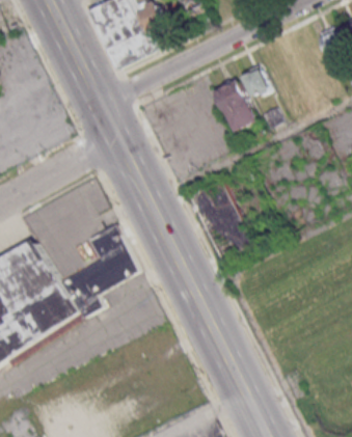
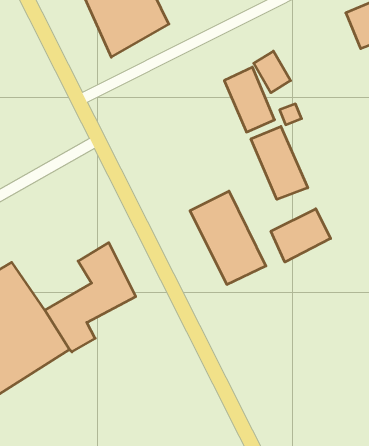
building: none -> [251,126,308,199]
building: none -> [271,209,331,262]

